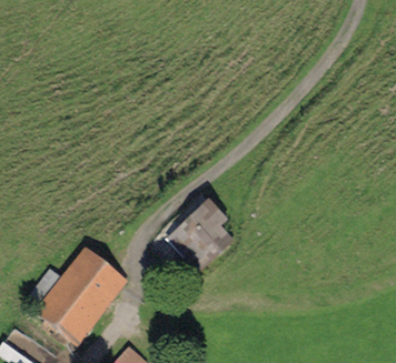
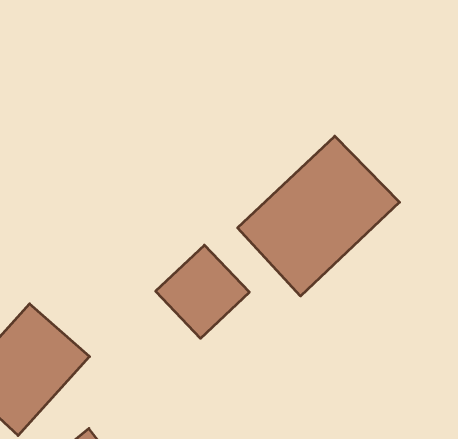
building: none -> [238,136,400,296]

